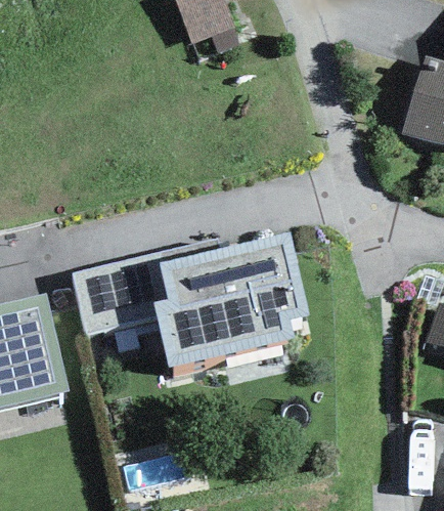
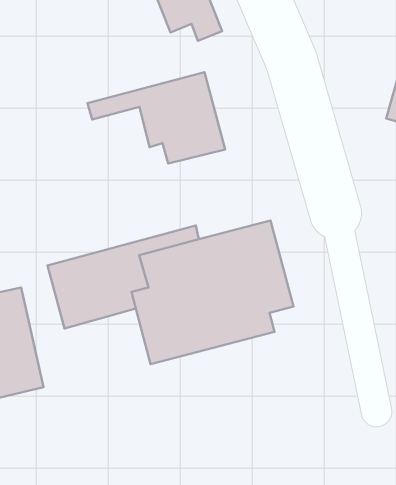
building: none -> [87,72,225,164]

